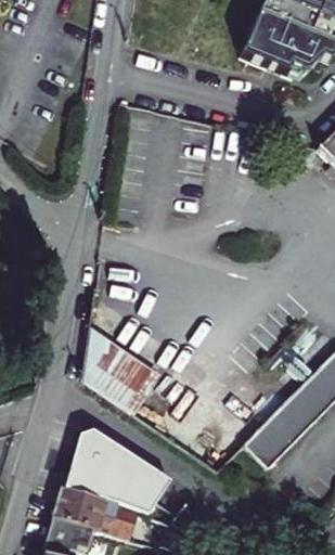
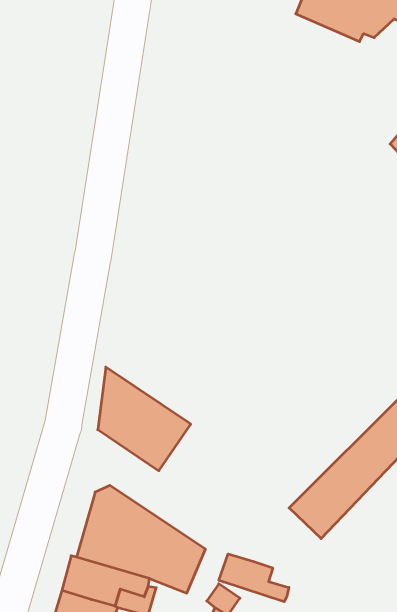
building: none -> [219,554,289,602]

